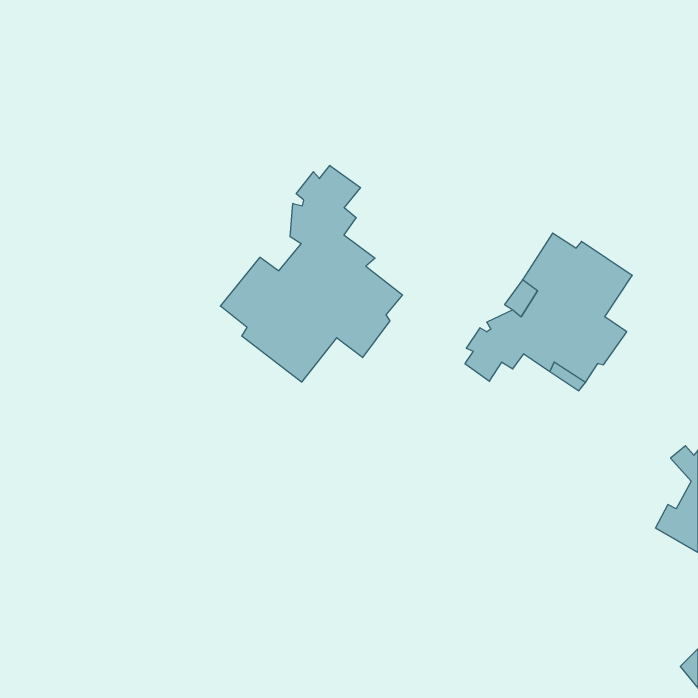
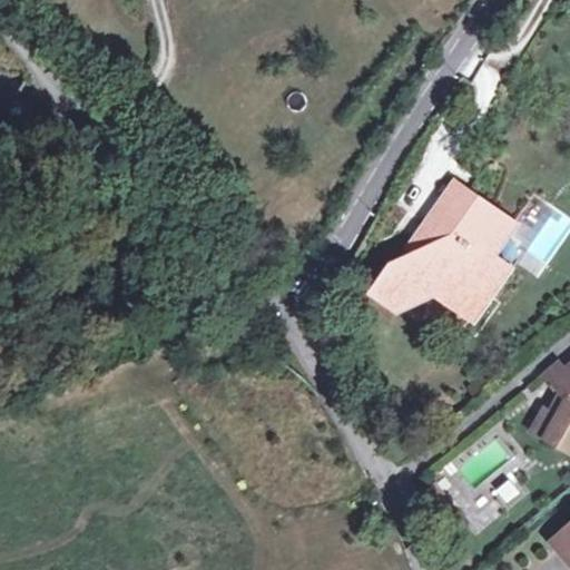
building: [220,165,402,382] -> none

